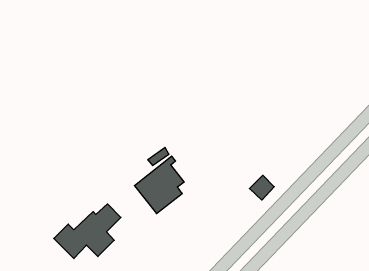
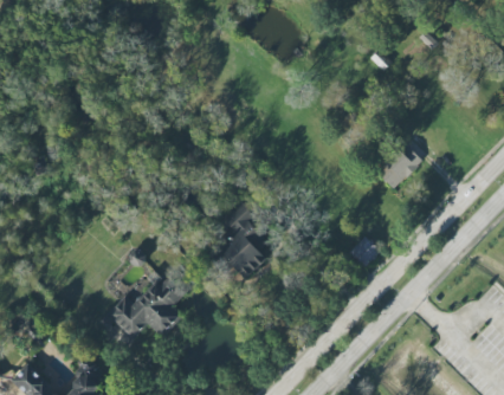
building: none -> [376,147,422,189]

